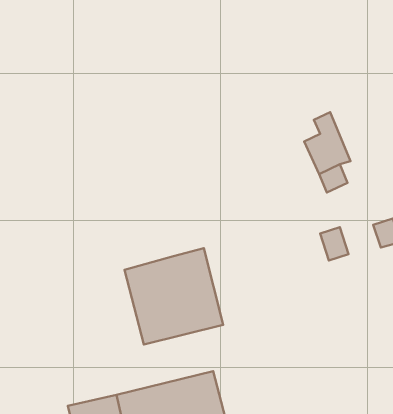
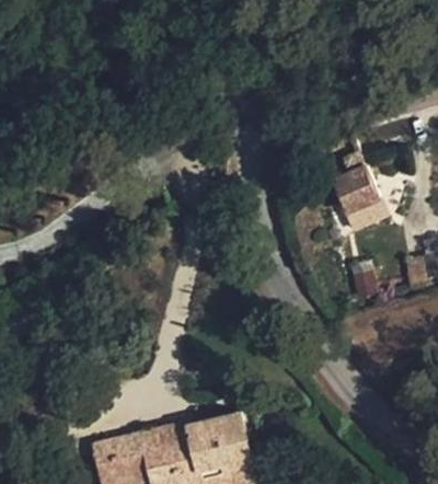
building: [124,248,223,344] -> none

